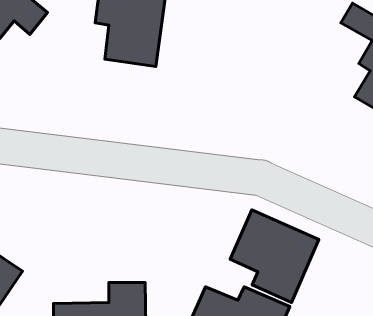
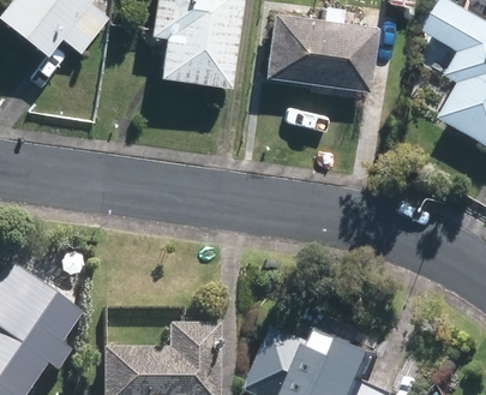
building: none -> [271,16,368,85]
building: [230,210,319,303] -> none

